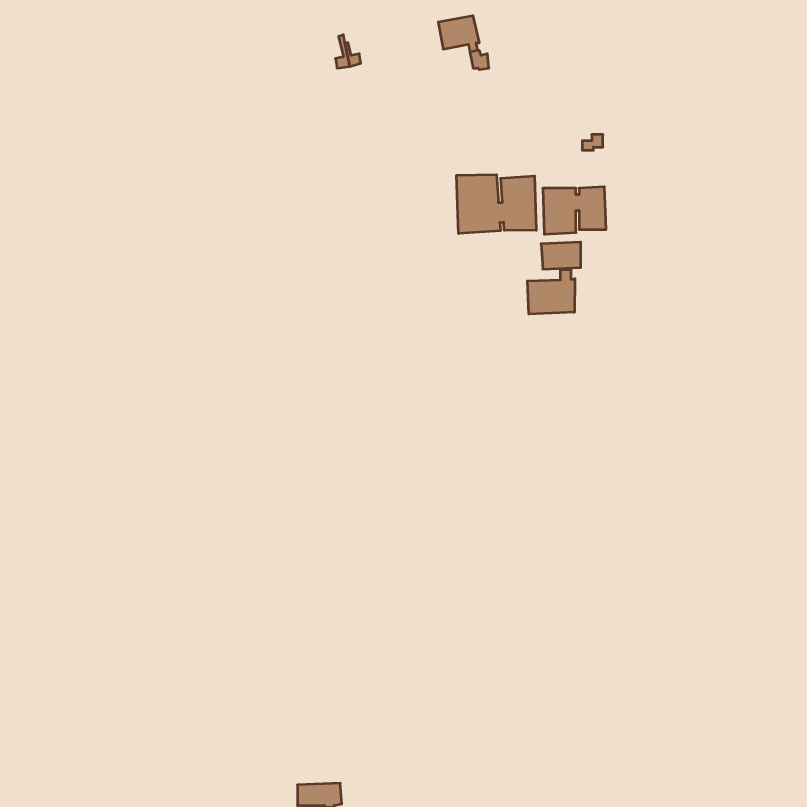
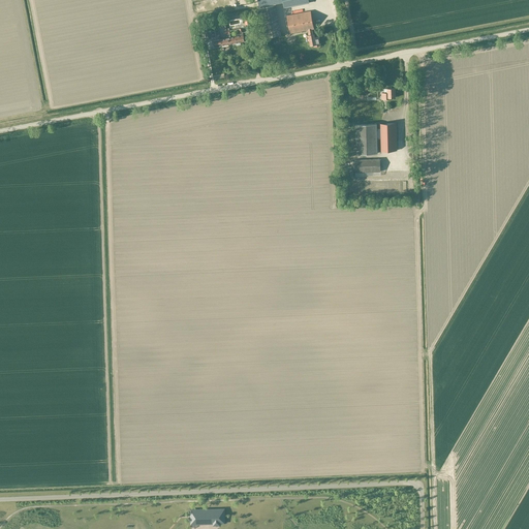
building: [457,175,536,234] -> none
building: [527,270,575,314] -> none

